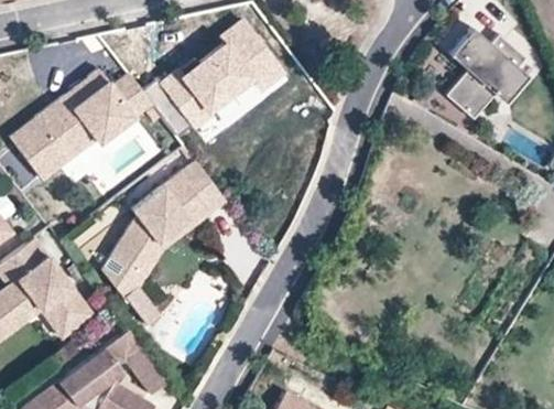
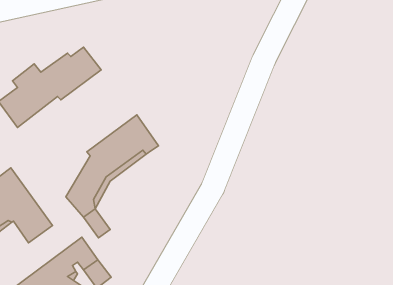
building: [161,18,303,152] -> none
building: [443,26,522,117] -> none

